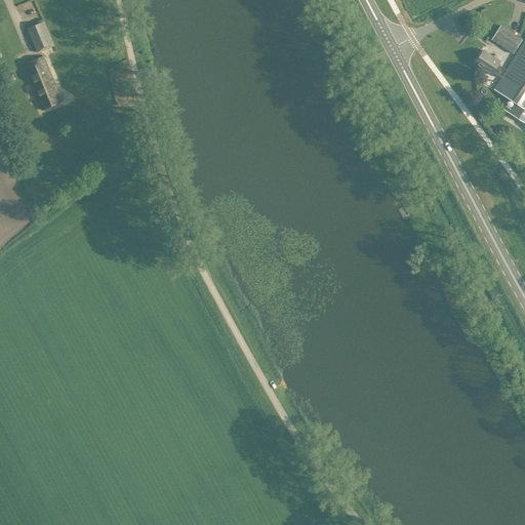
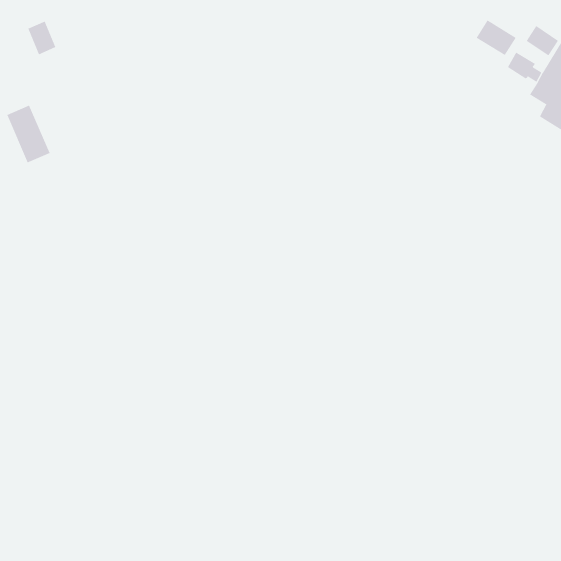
building: none -> [476,20,517,56]
building: [22,55,63,110] -> [6,105,50,163]

